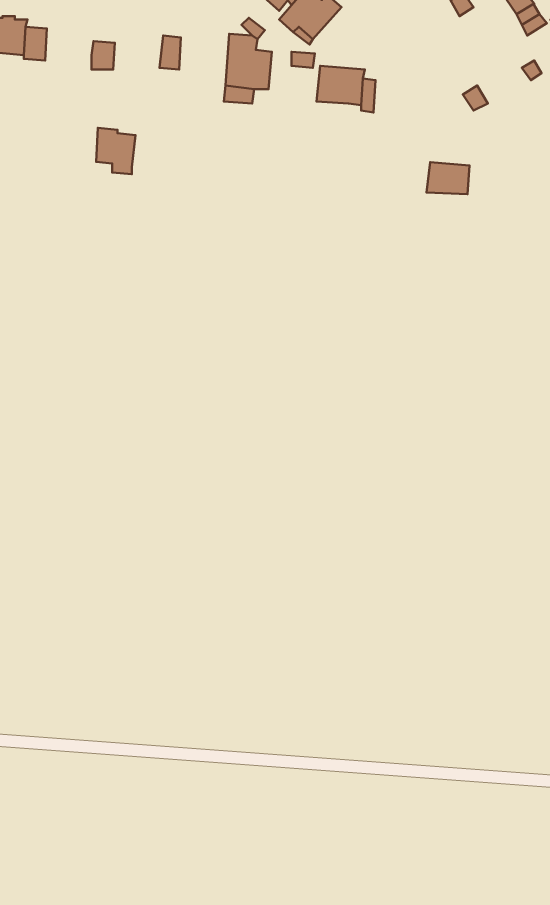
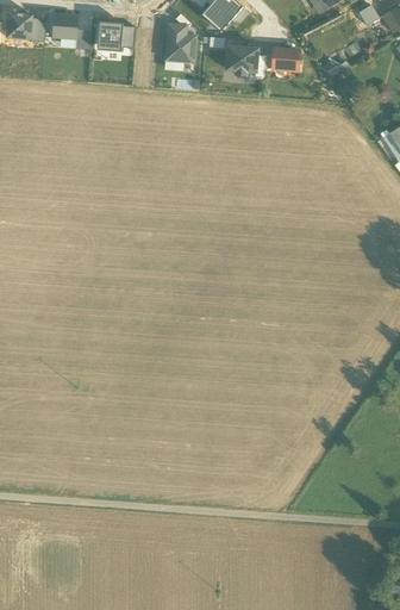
building: none -> [52,14,79,38]
building: [96,128,135,174] -> [98,20,124,51]
building: [427,162,469,194] -> [271,48,300,69]

